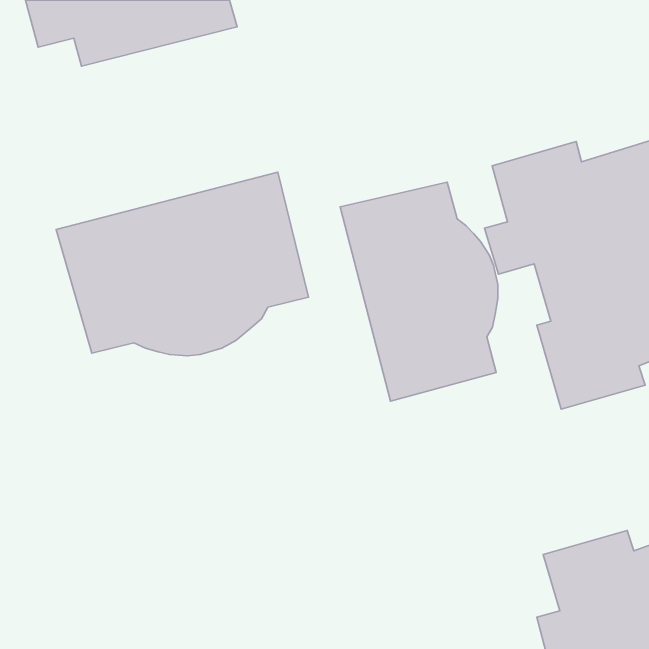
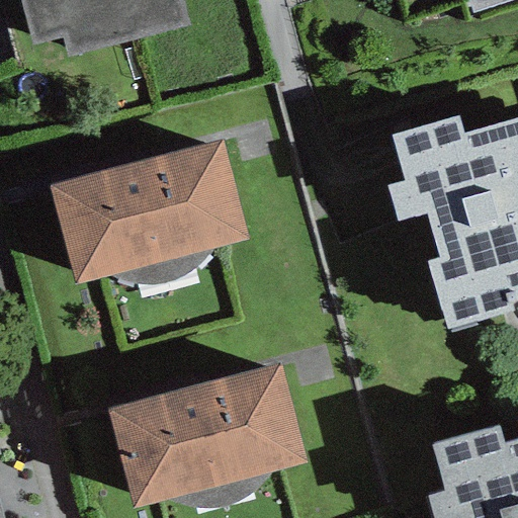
building: [340,182,498,401] -> none
building: none -> [106,362,307,507]

